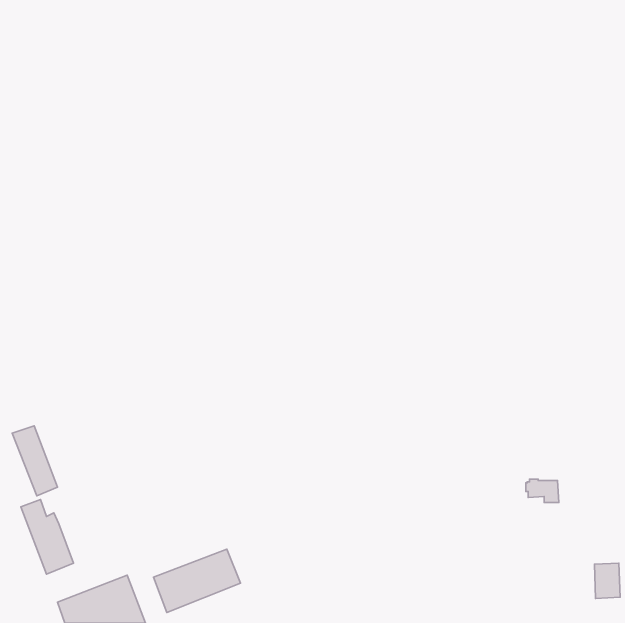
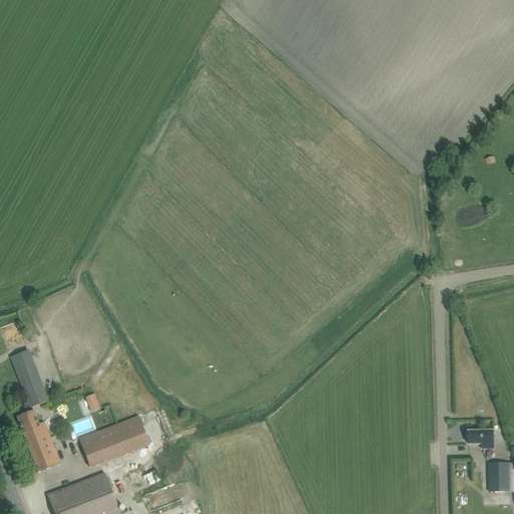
building: [526,479,559,503] -> [467,429,494,448]
building: [154,549,240,613] -> [78,415,150,467]

